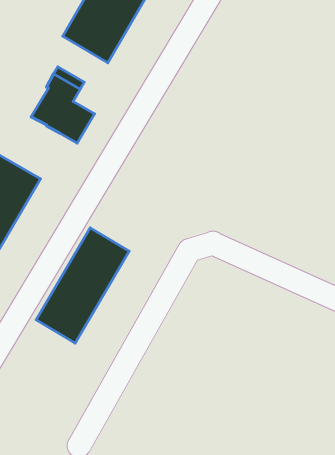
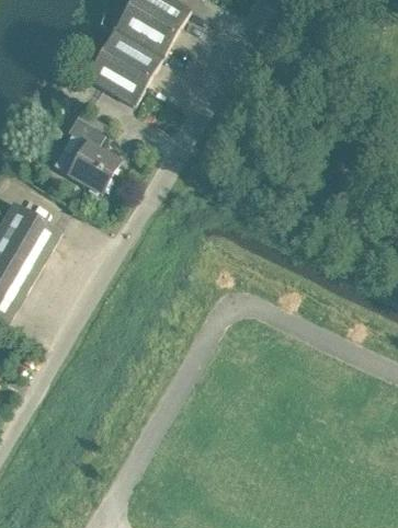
building: [36,228,129,343] -> none

